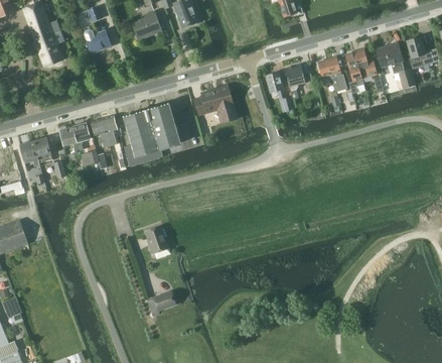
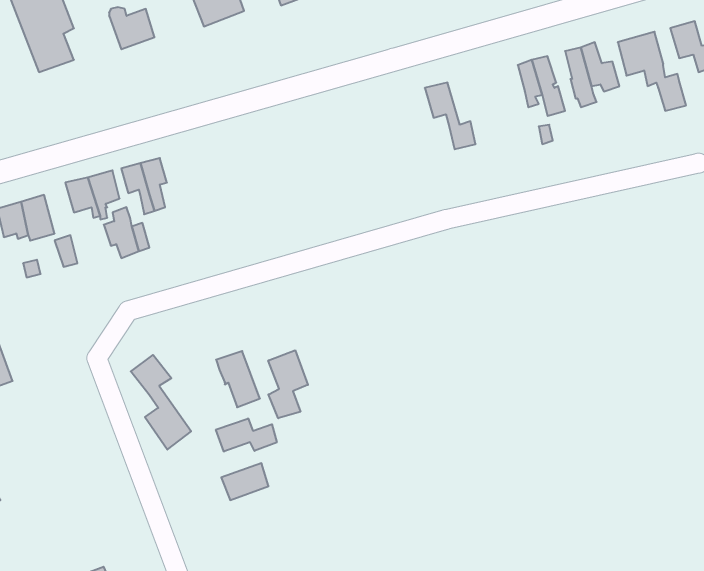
building: [285,64,313,91] -> none
building: [194,84,239,123] -> none
building: [124,102,181,165] -> none
building: none -> [268,350,308,418]
building: none -> [131,355,191,450]
building: none -> [216,418,277,452]

